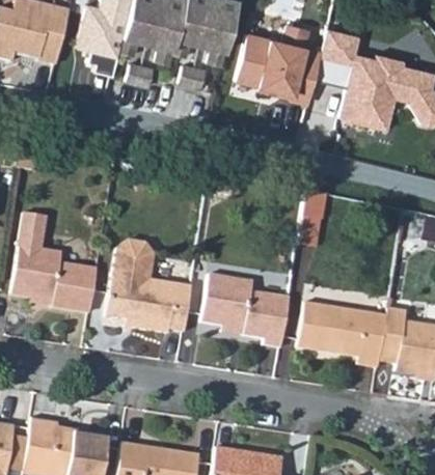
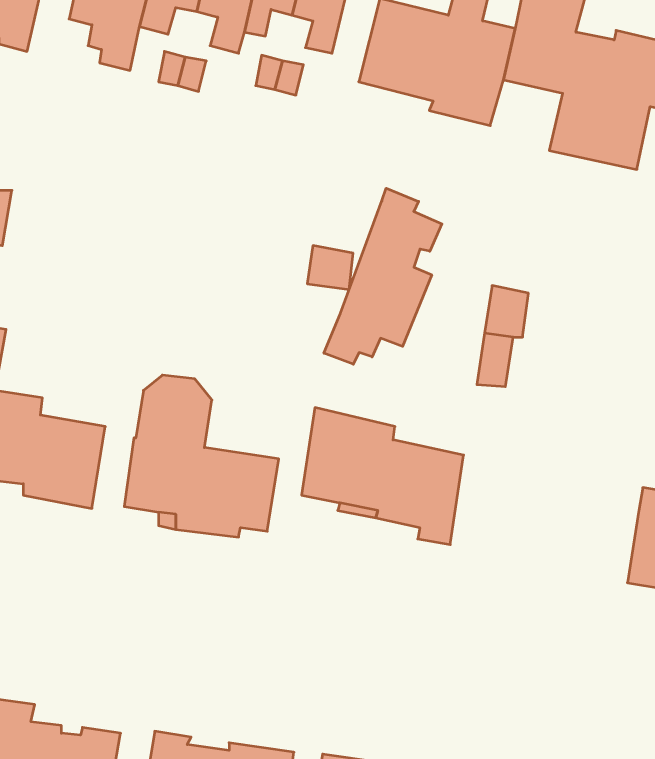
building: none -> [324,188,442,364]
building: [300,303,388,369] -> none

